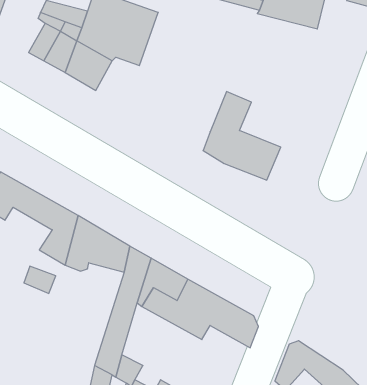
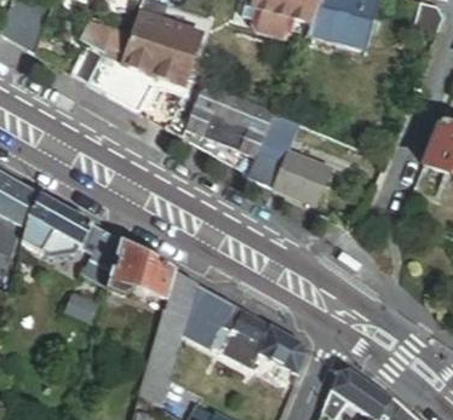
building: none -> [187,86,273,155]

